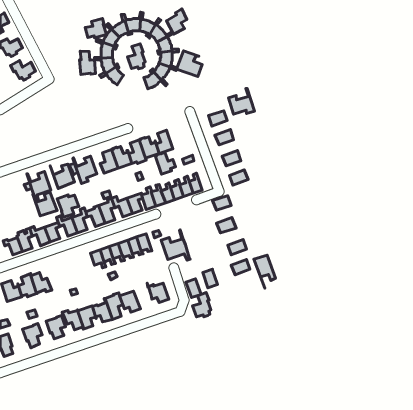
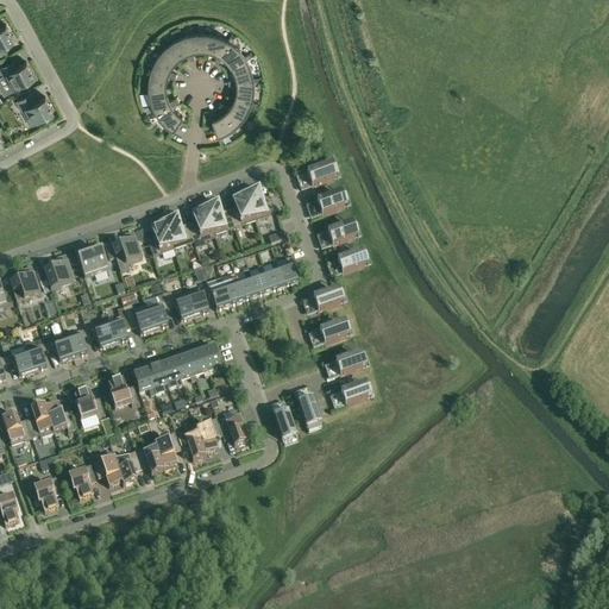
building: [166,9,187,34] -> none
building: [85,19,106,38] -> none
building: [127,44,145,69] -> none
building: [177,51,202,77] -> none
building: [79,51,96,74] -> none
building: [228,88,254,114] -> none
building: [155,152,175,174] -> [245,187,275,219]
building: [33,192,57,216] -> [6,264,42,300]
building: [57,195,79,217] -> none
building: [161,230,190,260] -> none
building: [254,255,276,288] -> none
building: none -> [108,376,139,407]
building: none -> [74,388,105,419]
building: none -> [196,416,222,452]
building: [192,293,211,317] -> none

